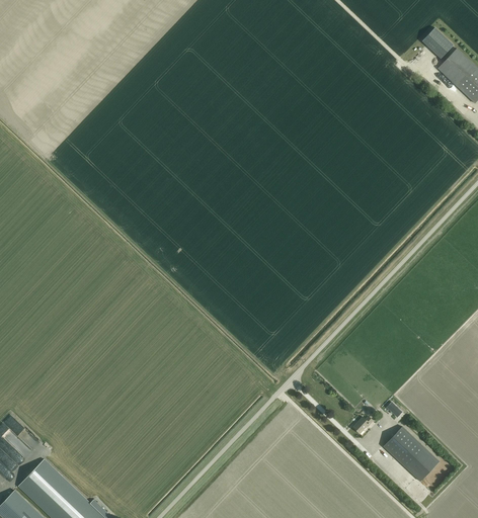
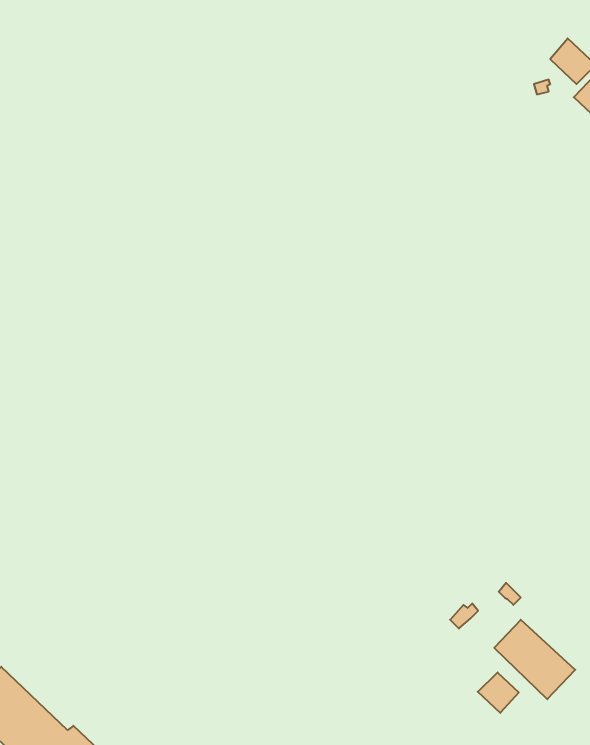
building: none -> [478,672,519,713]

